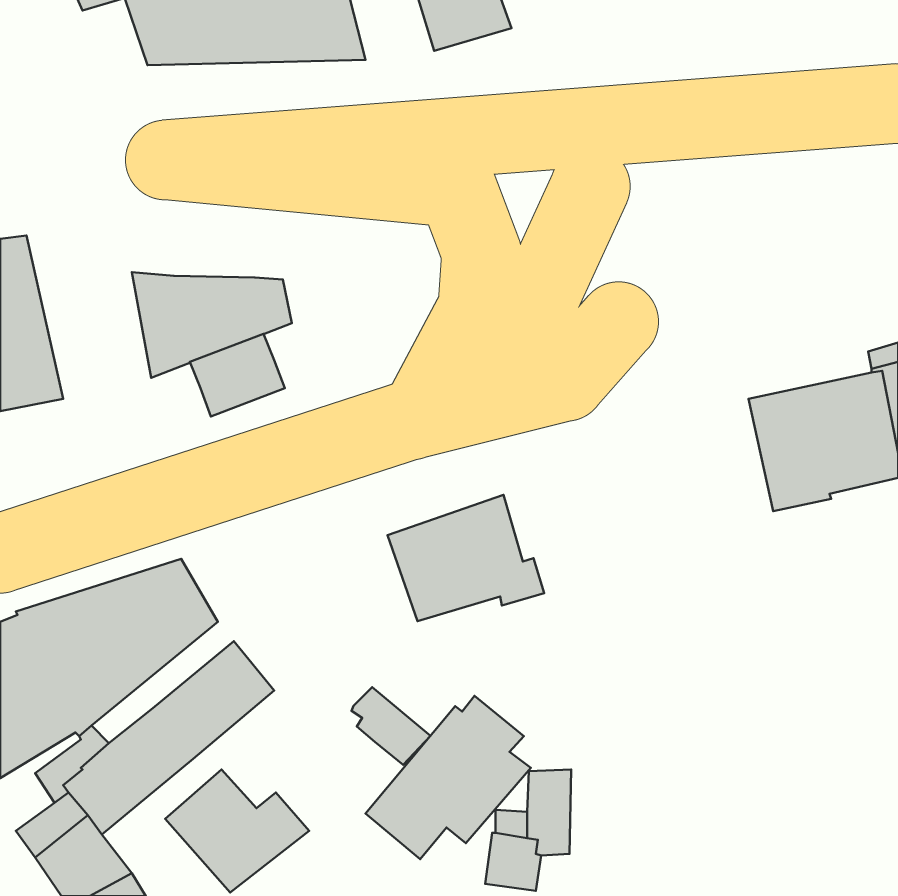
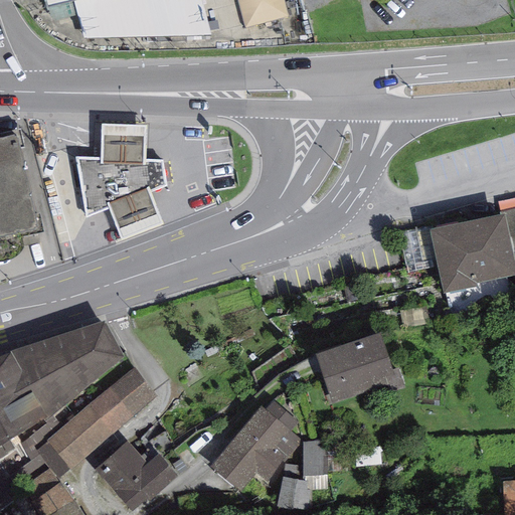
building: none -> [100,124,146,159]
building: [388,495,544,621] -> [315,331,404,403]
building: [352,687,430,765] -> none

